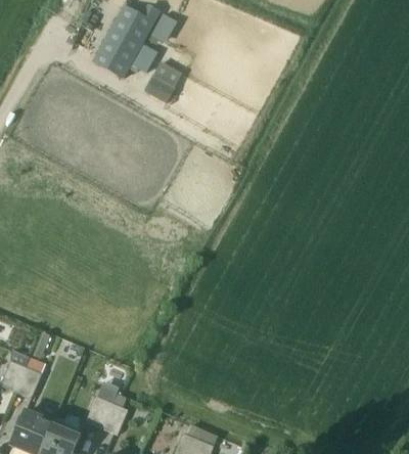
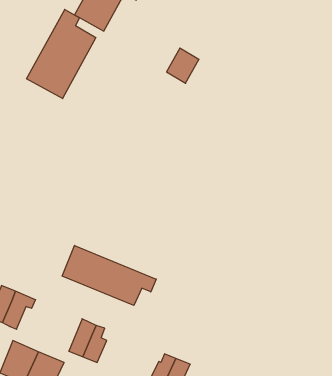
building: none -> [27,9,96,99]
building: [146,63,181,101] -> [167,48,199,83]
building: none -> [62,245,156,305]

